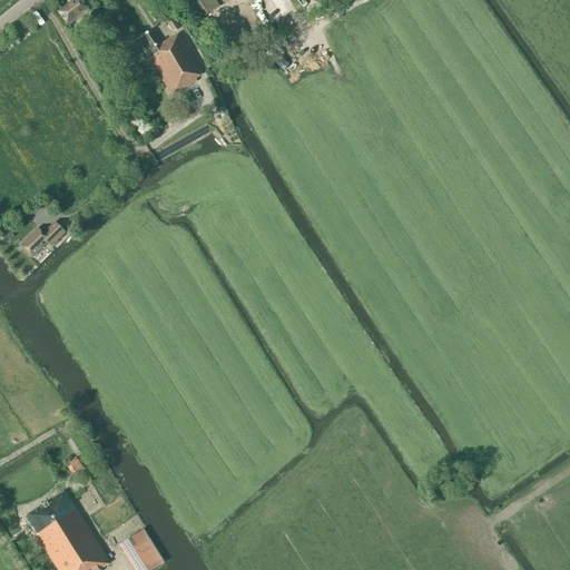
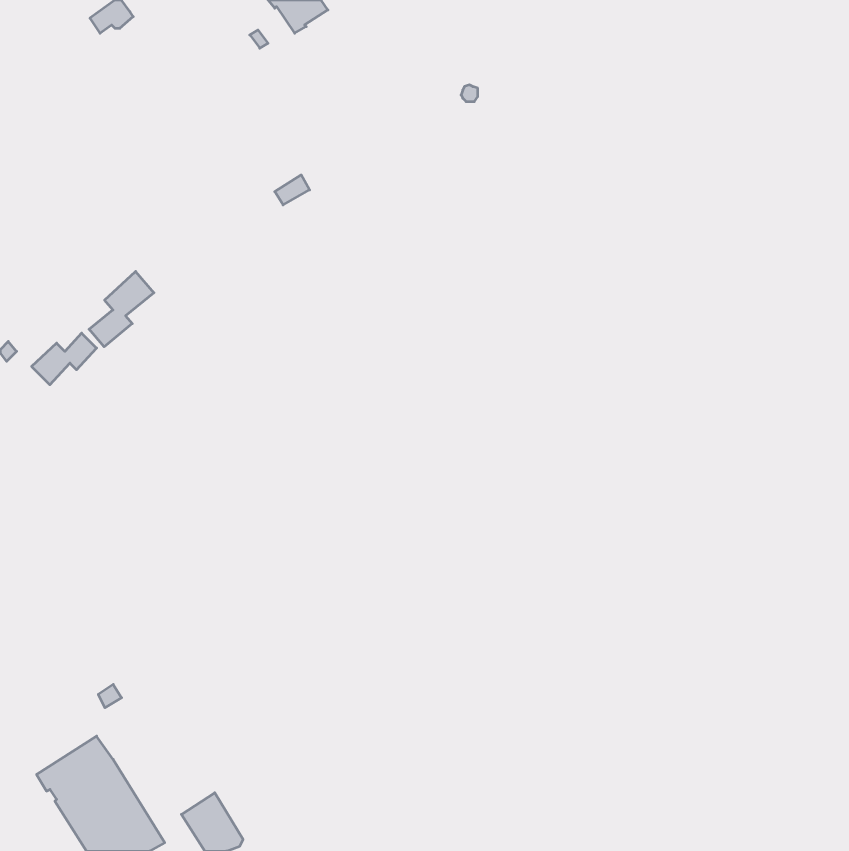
building: [142,31,205,96] -> none
building: none -> [89,271,154,347]

